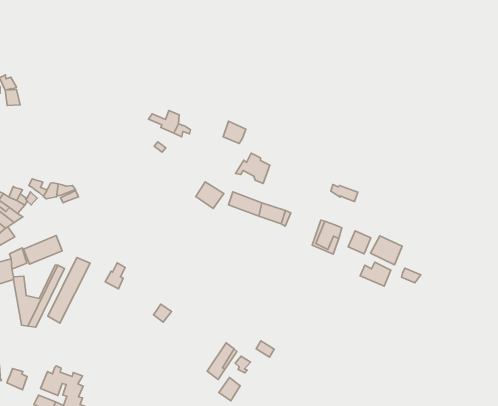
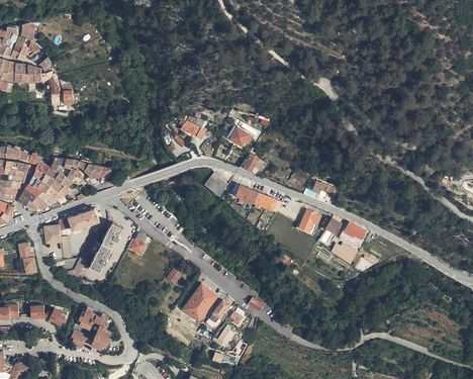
building: none -> [185,281,219,317]

